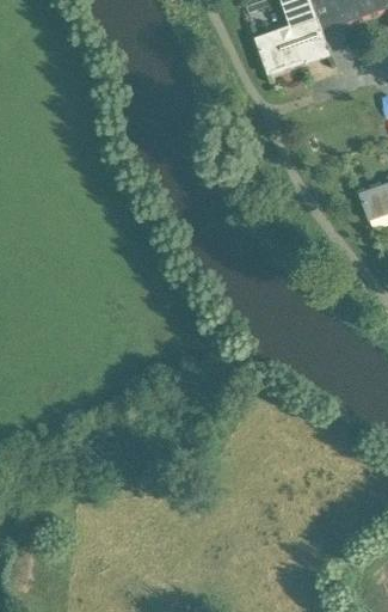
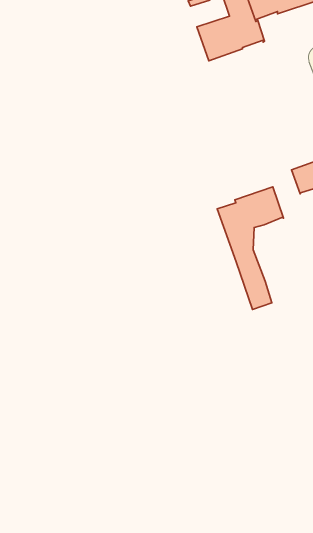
building: none -> [217,187,283,310]

